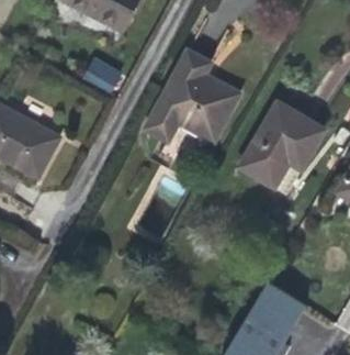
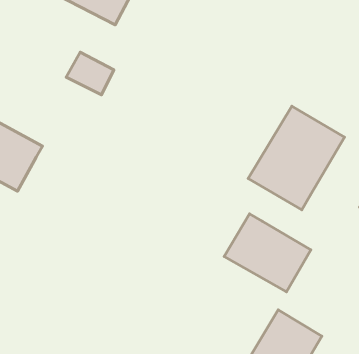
building: [145,49,239,141] -> none
building: none -> [224,214,311,292]

